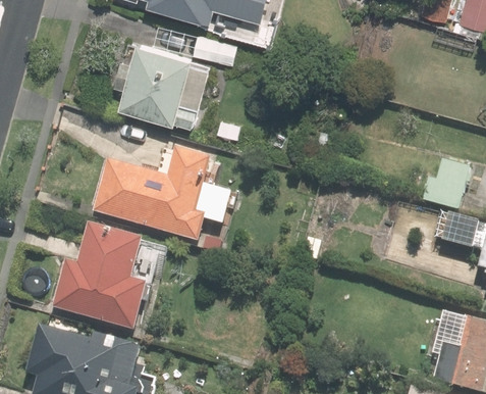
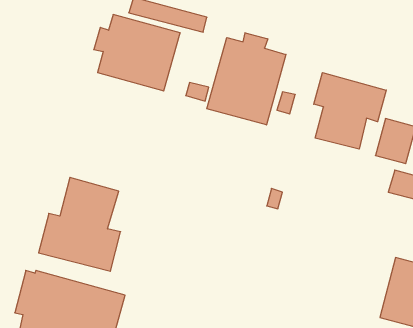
building: none -> [207,33,286,125]
building: none -> [314,73,386,149]
building: [92,149,231,242] -> none

